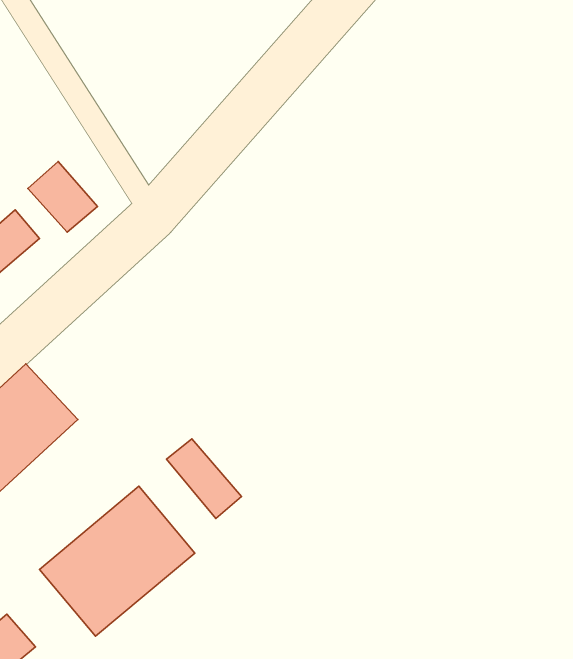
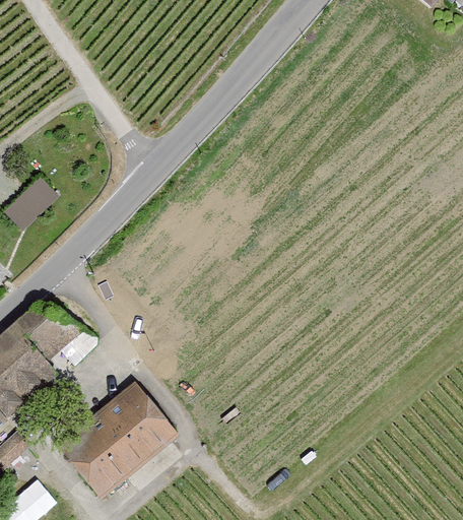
building: [28,161,97,232] -> none
building: [166,439,241,518] -> none

